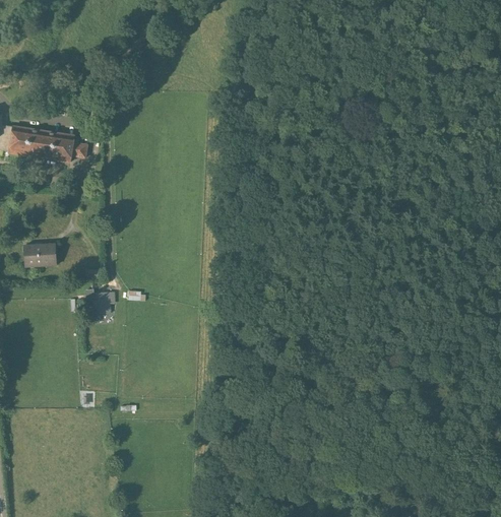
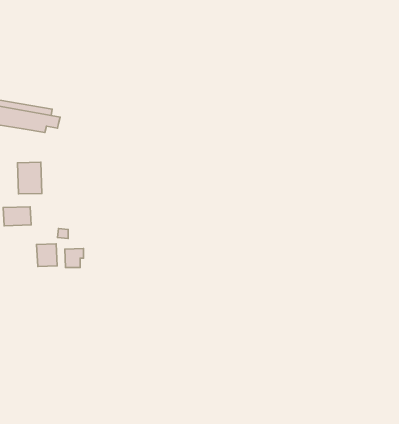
building: none -> [17,162,42,194]
building: none -> [37,244,57,266]

